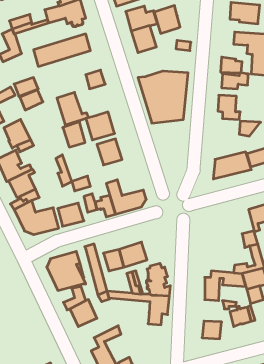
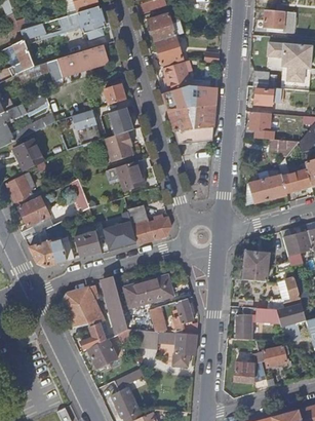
building: [154,6,180,33] -> [163,61,192,91]
building: [63,122,85,147] -> [109,107,133,135]
building: none -> [243,252,269,280]

